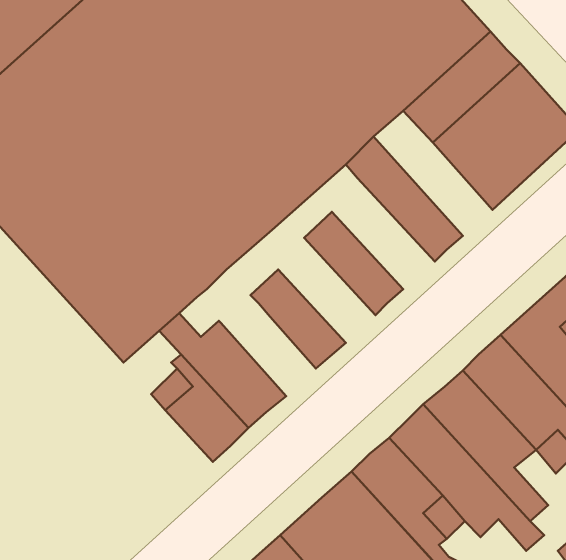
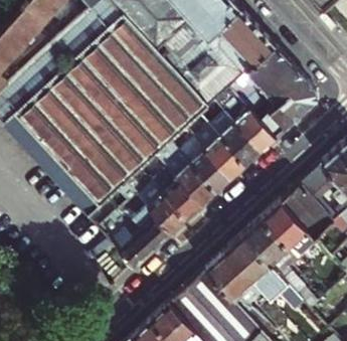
building: none -> [217,89,278,152]
building: none -> [194,123,248,179]
building: none -> [158,149,218,206]
building: none -> [140,182,188,233]

